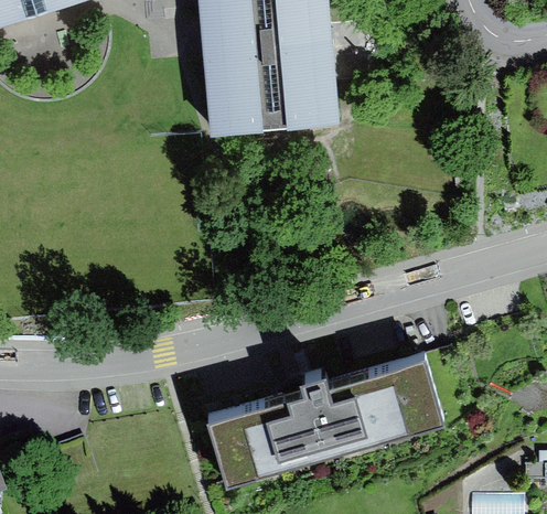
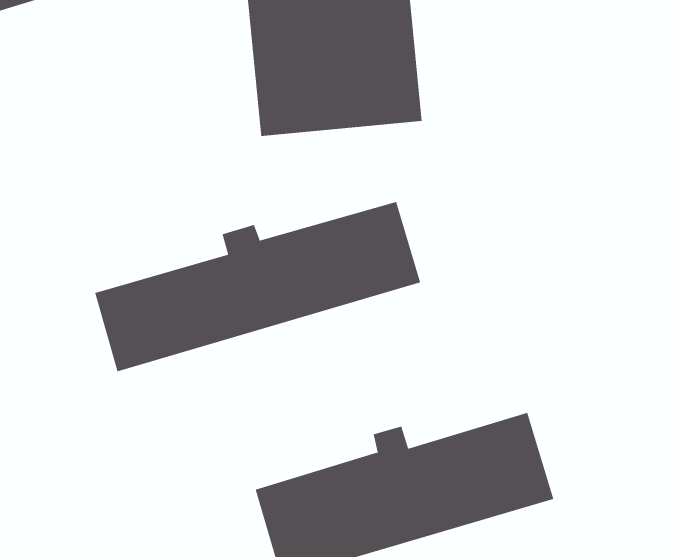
building: none -> [94,201,421,372]

